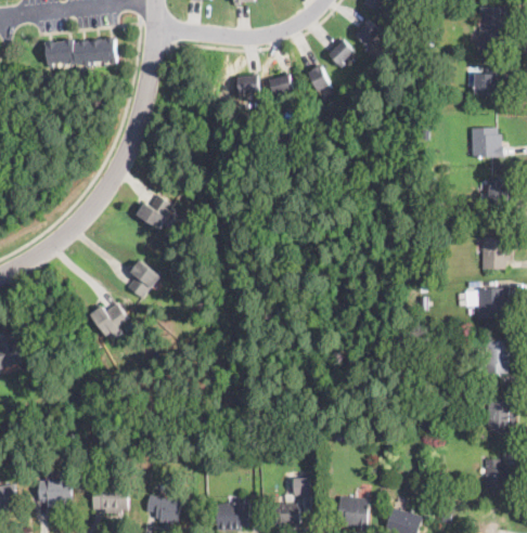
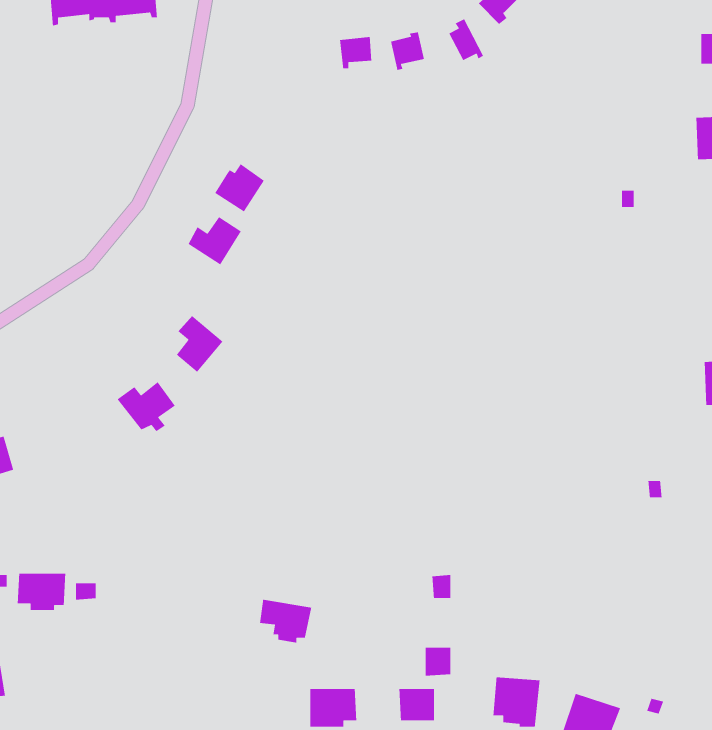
building: none -> [214,163,265,212]
building: [39,481,72,506] -> [17,573,66,611]
building: [92,484,128,512] -> none
building: [146,495,181,524] -> [259,599,312,643]

